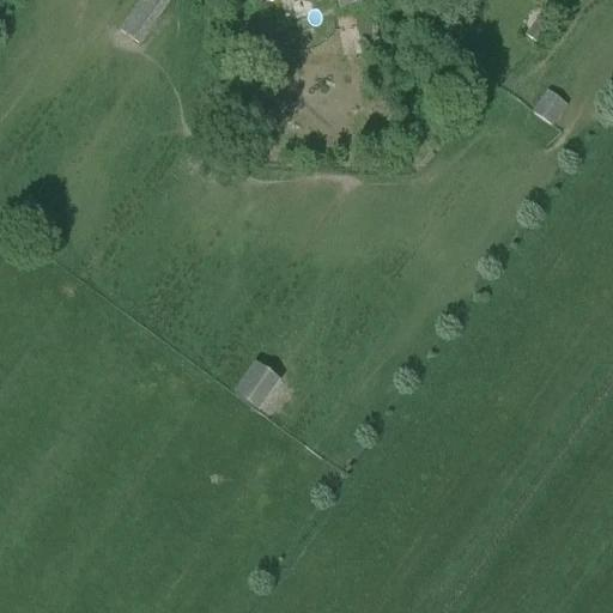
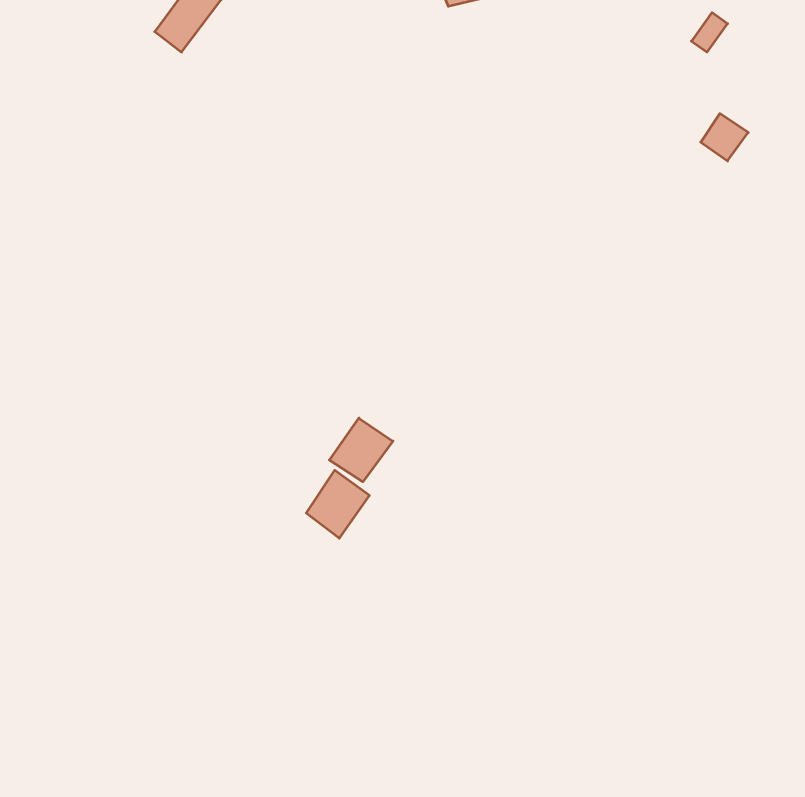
building: none -> [329,418,393,482]

